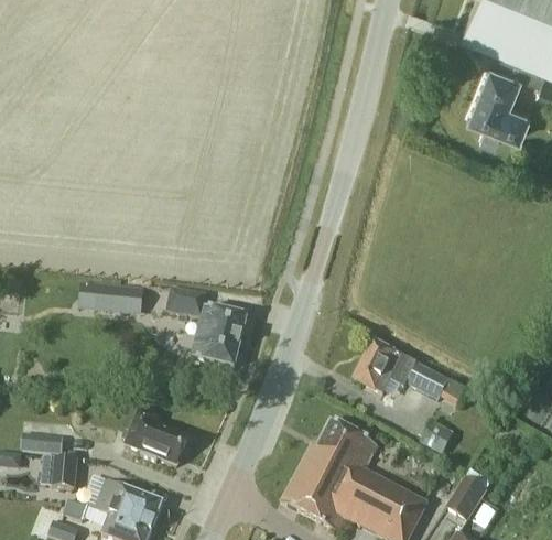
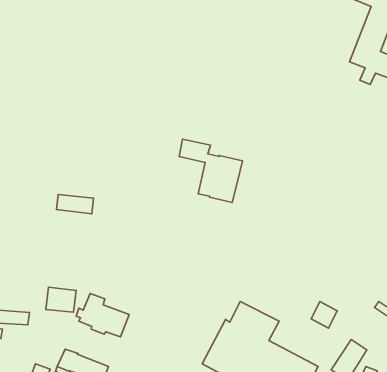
building: [169,287,249,367] -> [179,139,242,202]
building: [354,337,451,399] -> none
building: [41,455,79,487] -> [46,287,76,312]

